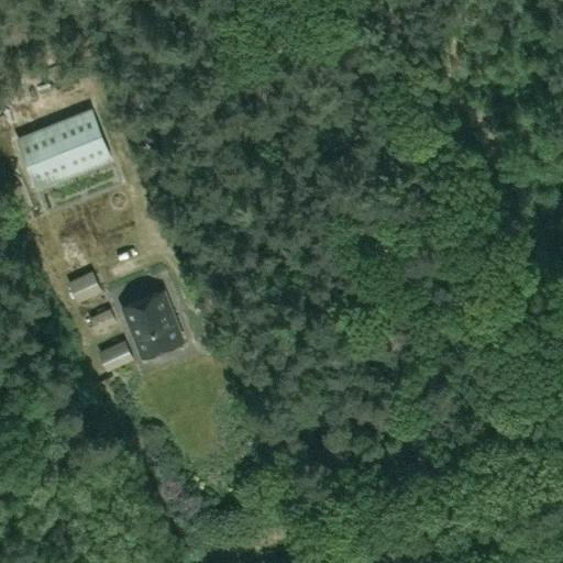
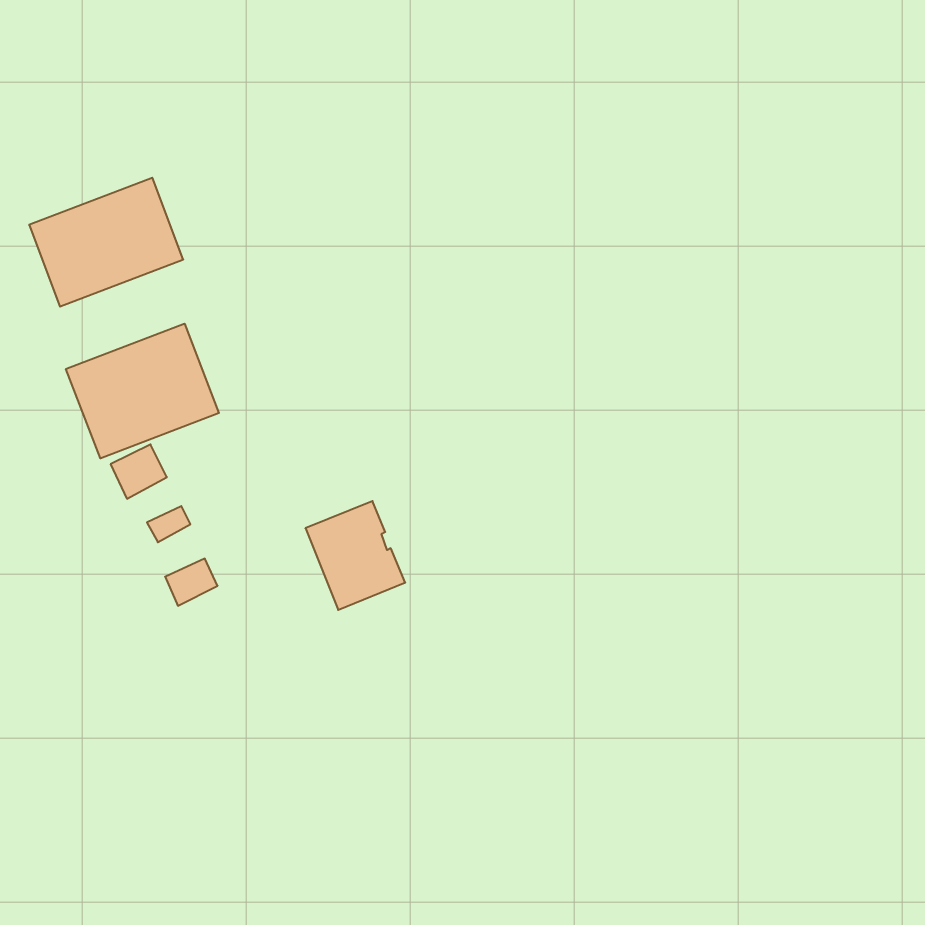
building: none -> [66,324,219,458]
building: [122,290,183,356] -> [305,501,405,610]

